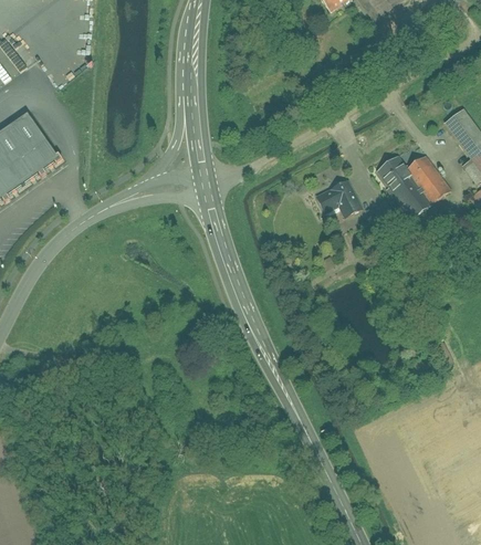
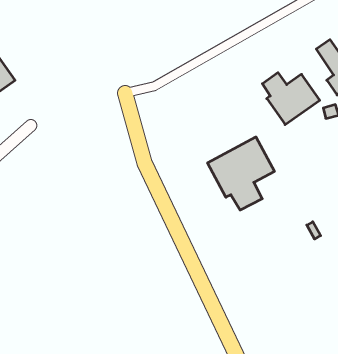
building: [309,174,354,210] -> none
building: none -> [208,137,274,210]

